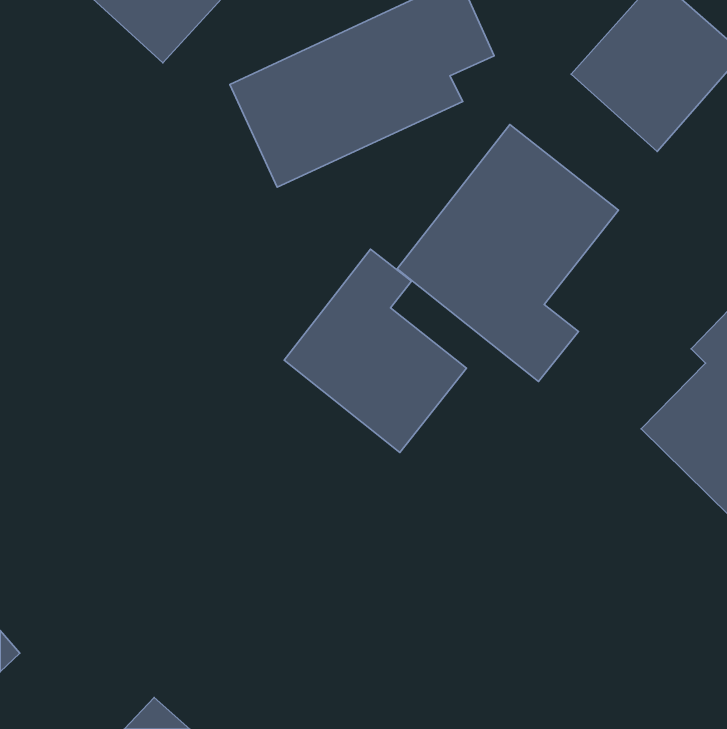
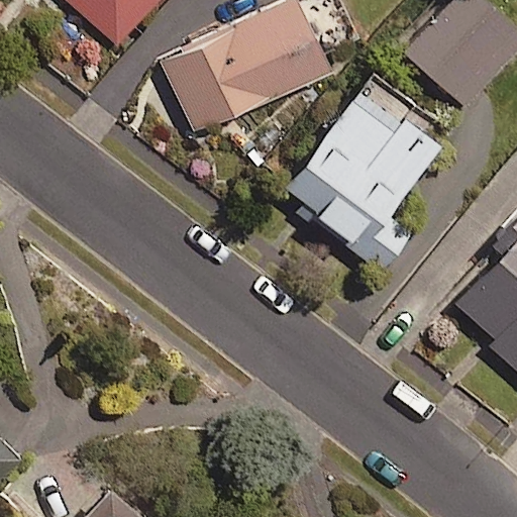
building: [284,249,466,453] -> none

